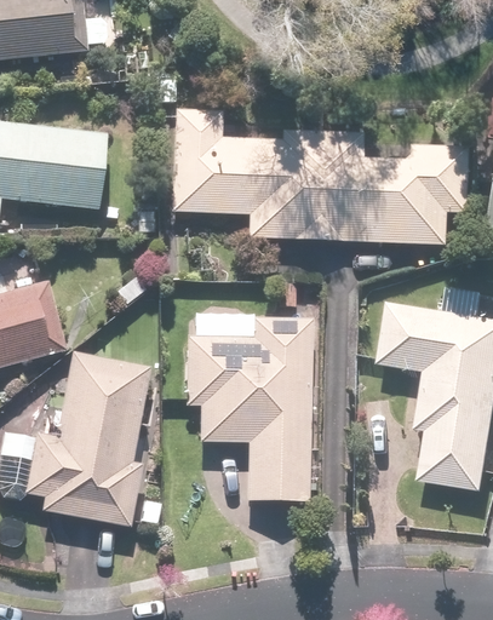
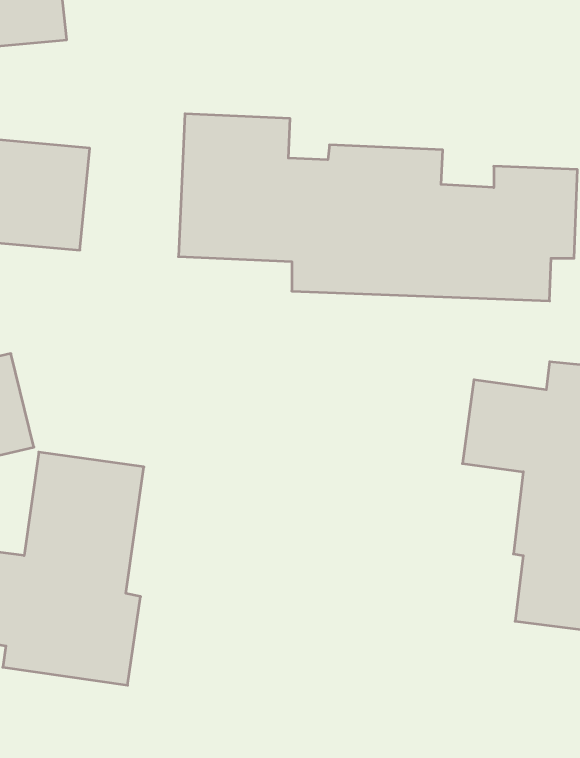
building: [188,311,315,501] -> none

